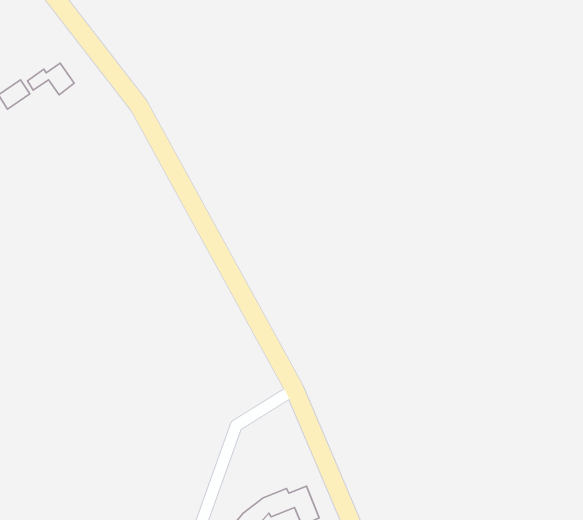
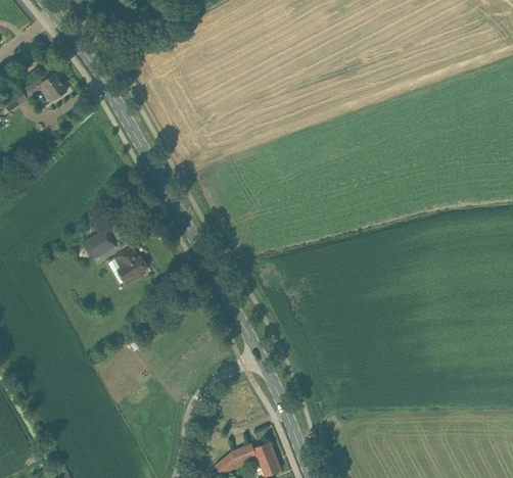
building: none -> [82,228,115,259]
building: none -> [112,247,147,285]

